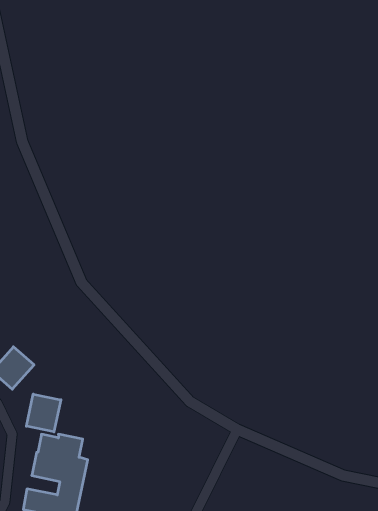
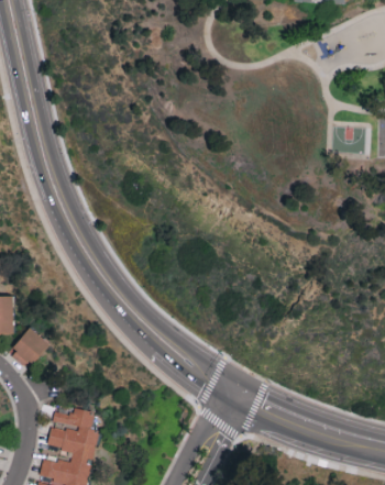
building: [26,394,61,432] -> none

